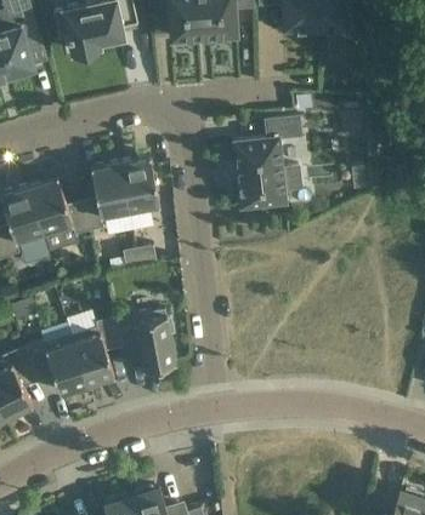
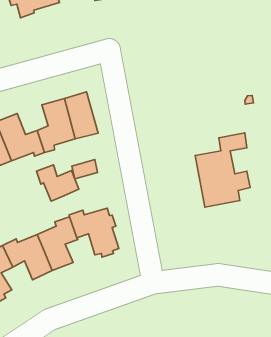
building: [234,119,302,211] -> [195,133,250,207]
building: none -> [36,165,79,201]

